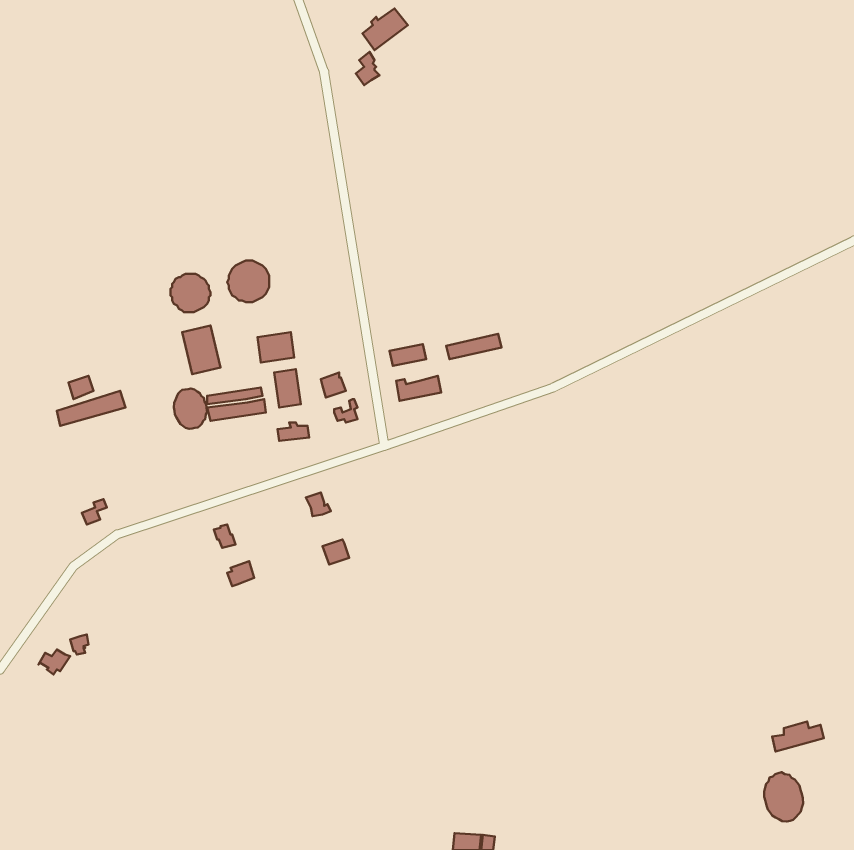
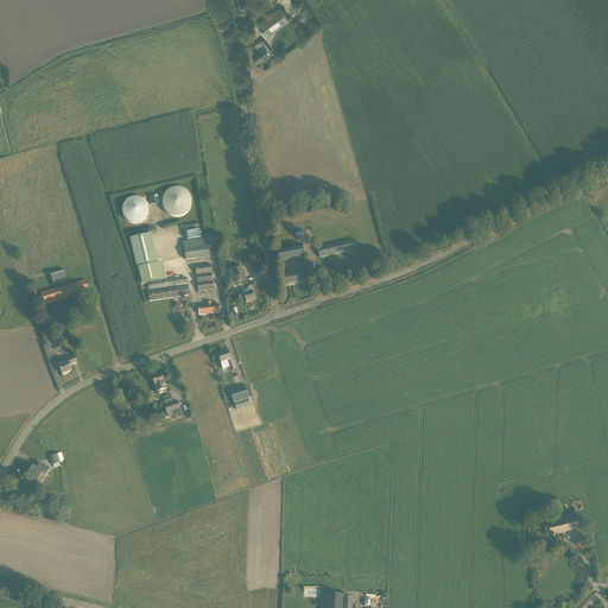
building: [174,389,207,429] -> none
building: [764,772,803,822] -> none

